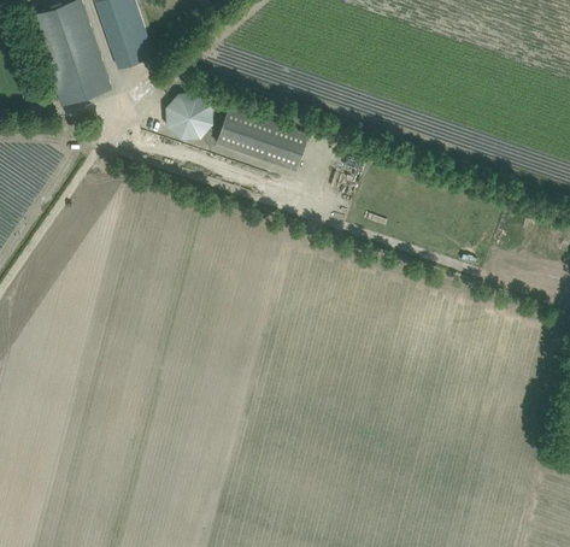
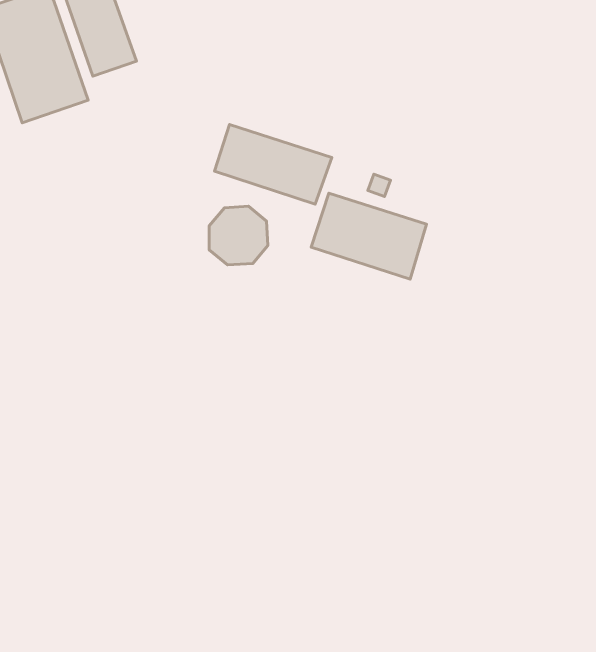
building: [165,93,212,140] -> [209,206,268,265]
building: none -> [311,193,426,279]

